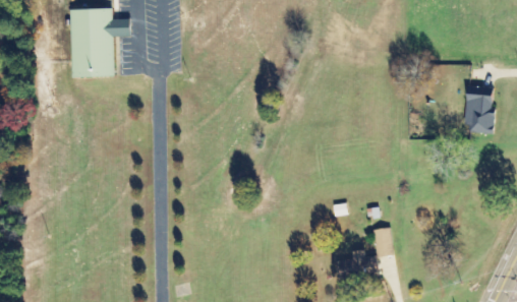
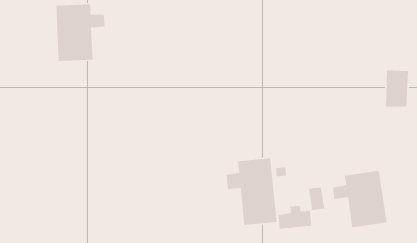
building: none -> [226,157,277,226]
building: none -> [332,170,387,228]

